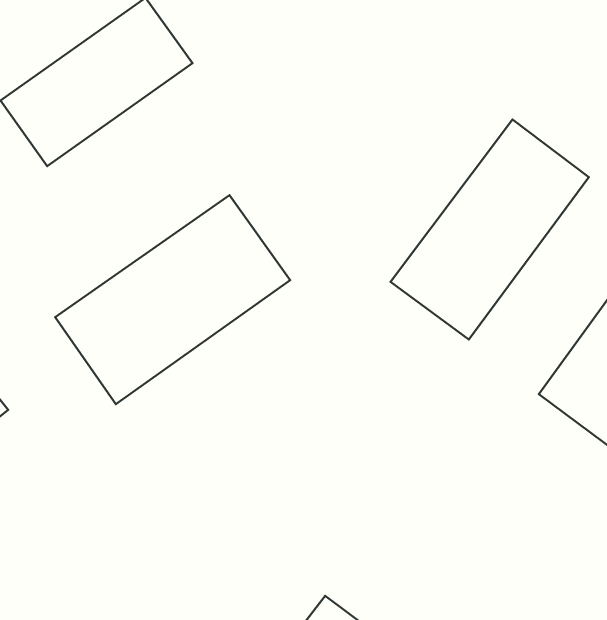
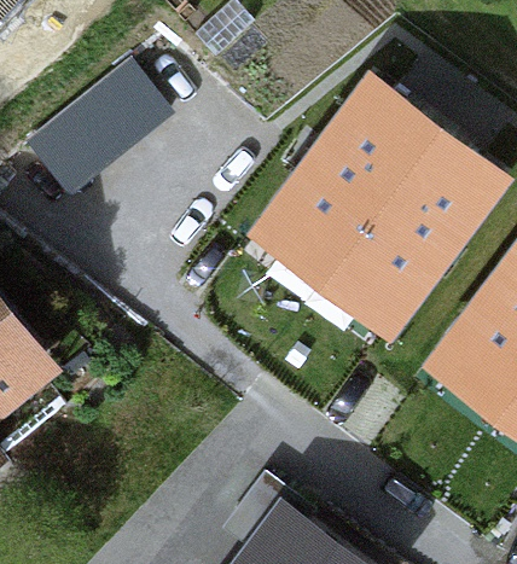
building: none -> [273,103,426,272]
building: [55,195,290,404] -> none

